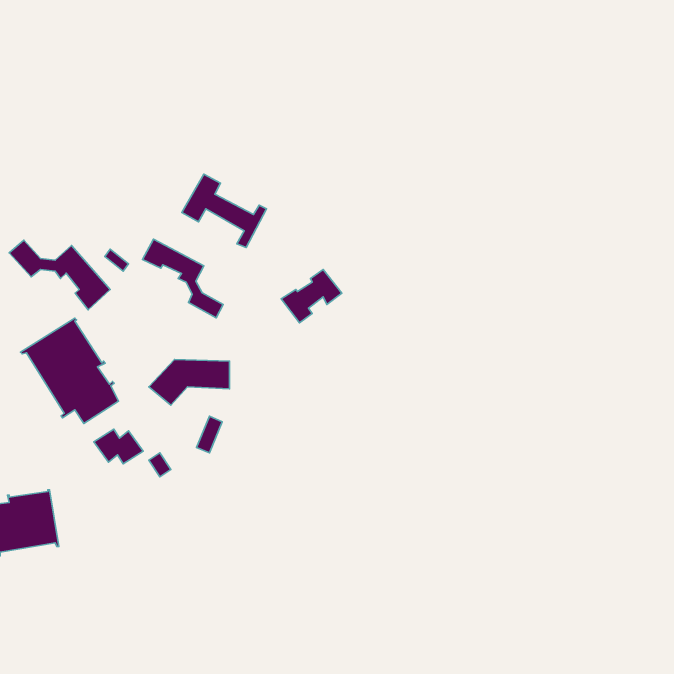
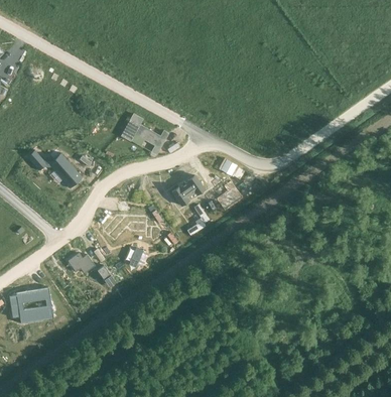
building: [142,239,223,318] -> none
building: [21,318,119,424] -> none

